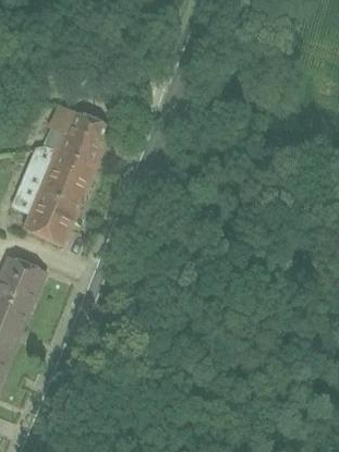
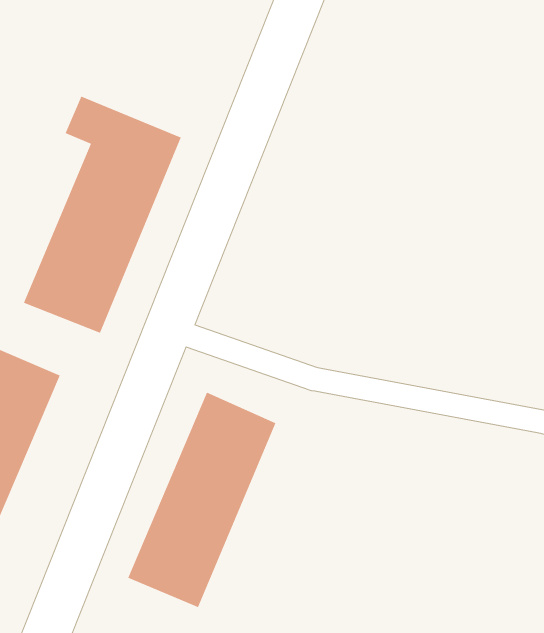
building: none -> [127,392,276,608]

